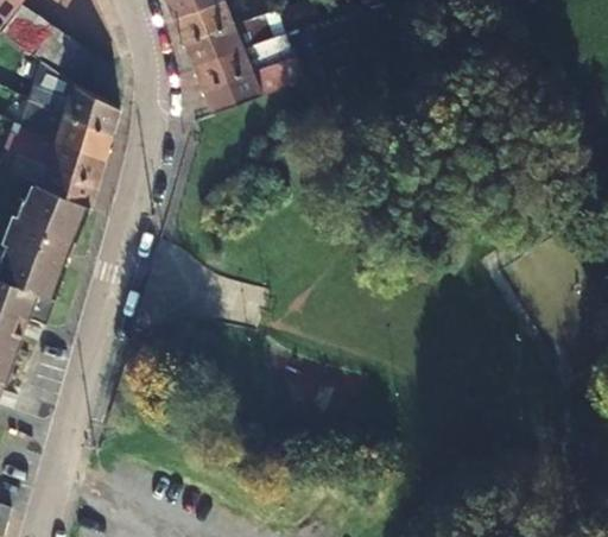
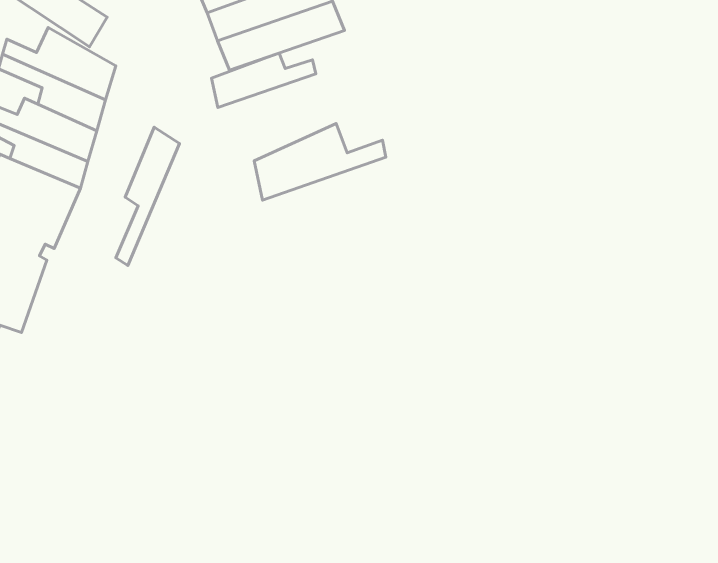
building: none -> [212,53,316,108]
building: none -> [254,123,386,200]
building: none -> [116,127,179,265]

